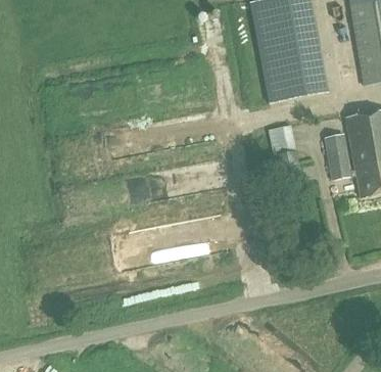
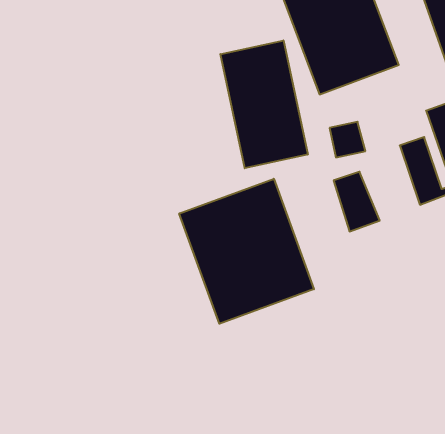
building: none -> [220,40,308,168]
building: none -> [179,179,314,324]

